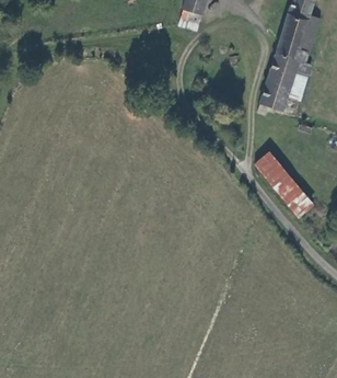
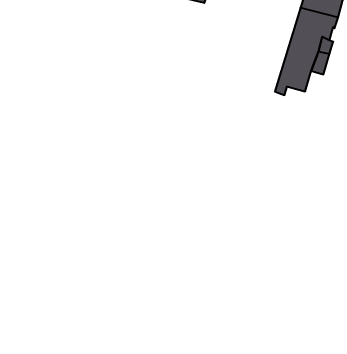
building: [255,152,315,218] -> none

